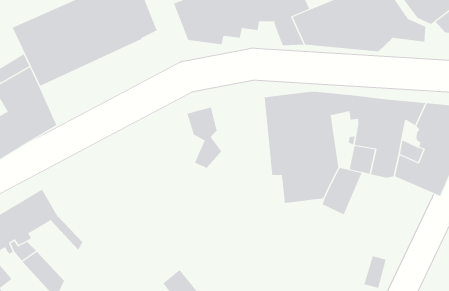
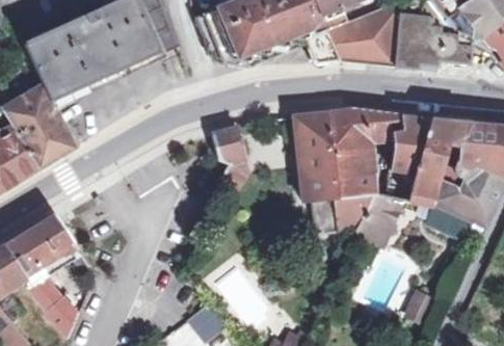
building: none -> [430,202,483,239]

